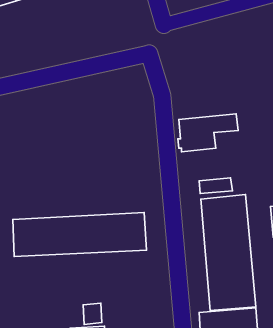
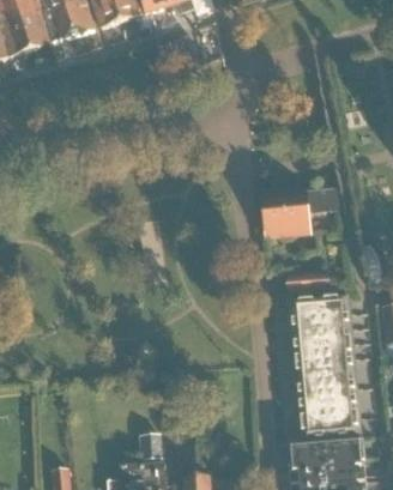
building: [13,212,147,257] -> none

